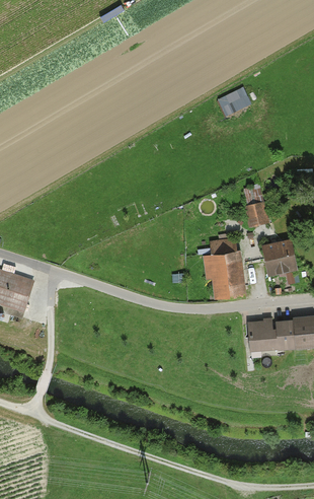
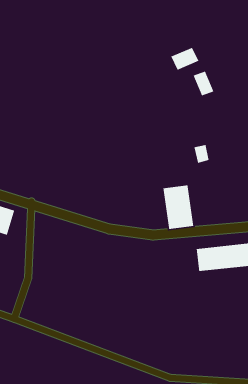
building: none -> [192,70,215,97]
building: [260,240,294,274] -> none

